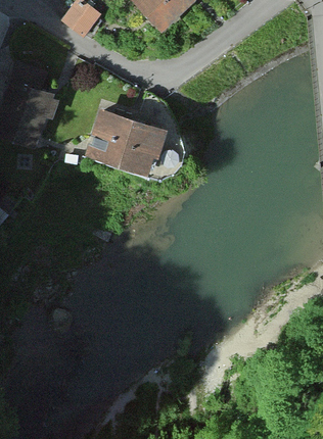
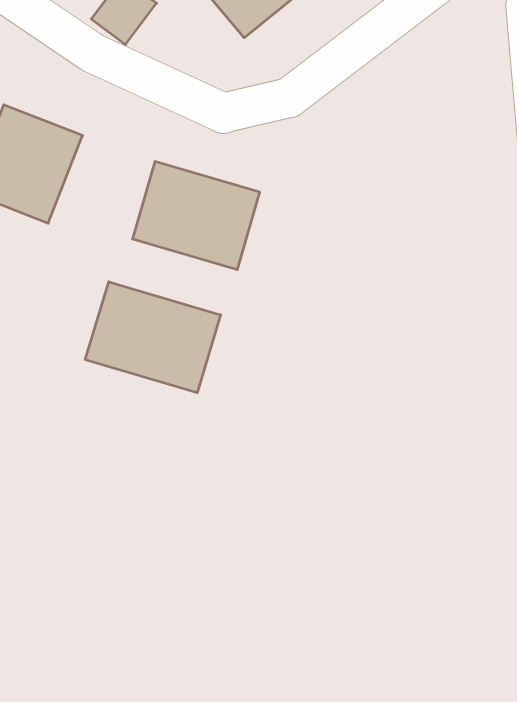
building: none -> [85,282,221,393]

